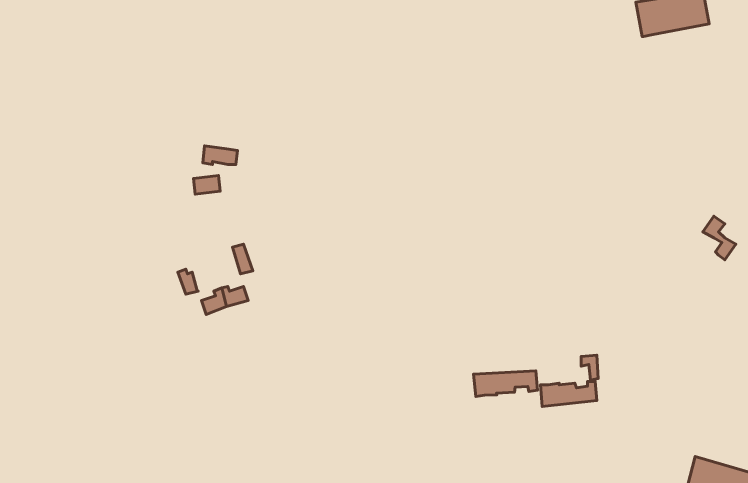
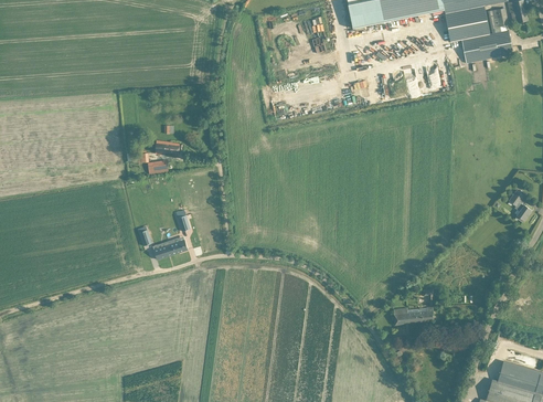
building: [474,371,537,397] -> none

